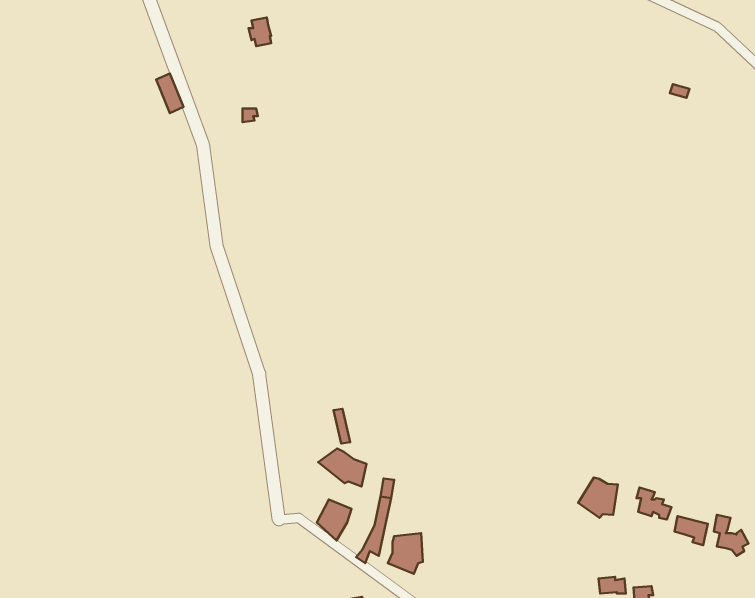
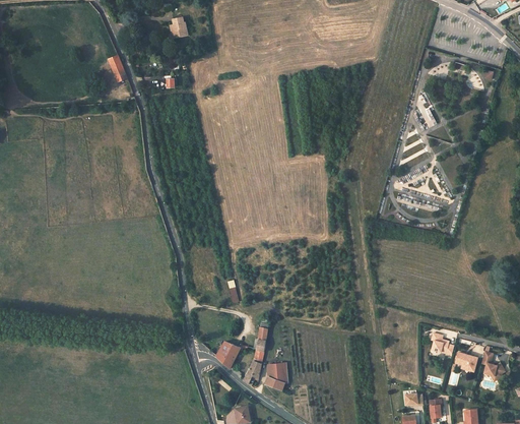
building: [318,448,367,486] -> none
building: [578,477,618,518] -> none

